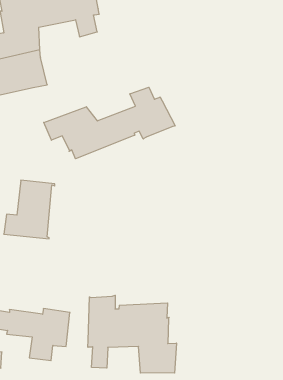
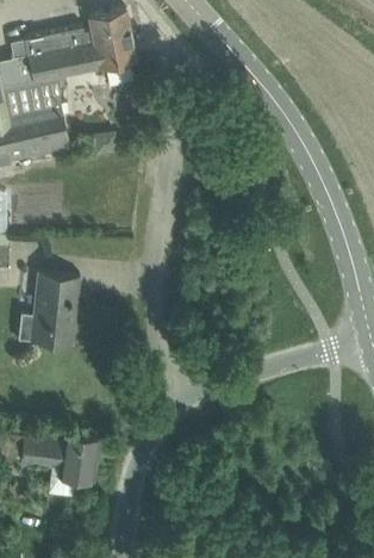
building: [44,87,175,159] -> none
building: [88,295,176,373] -> none

